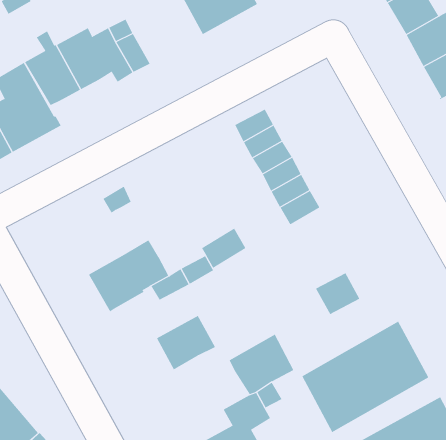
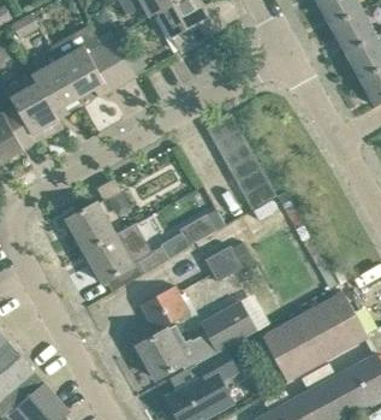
building: none -> [66,203,114,252]
building: [315,273,360,315] -> [204,247,242,282]
building: none -> [137,325,218,379]

